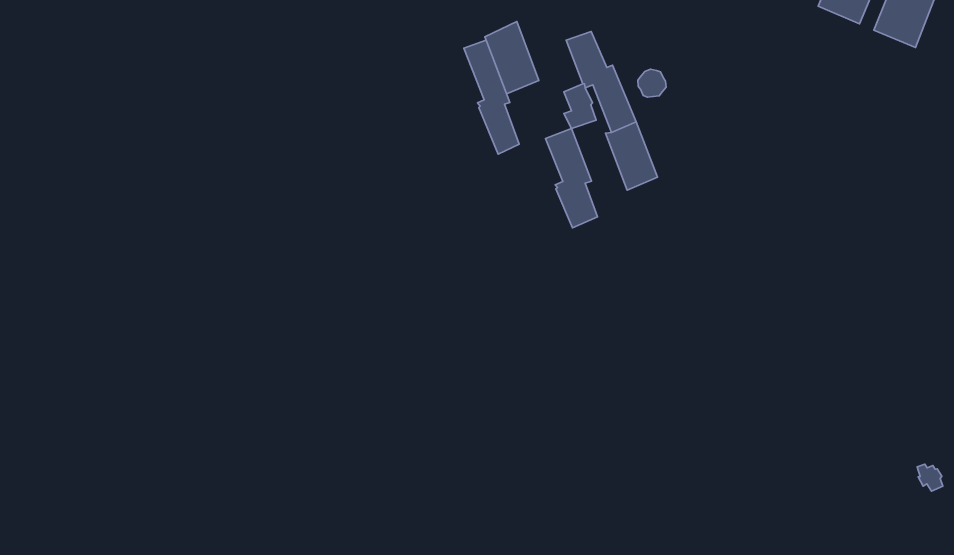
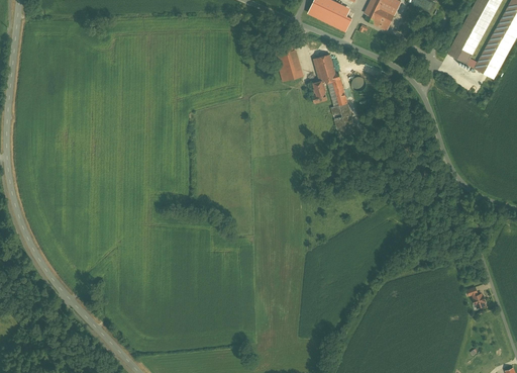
building: [464,40,519,154] -> none
building: [546,129,597,228] -> none

